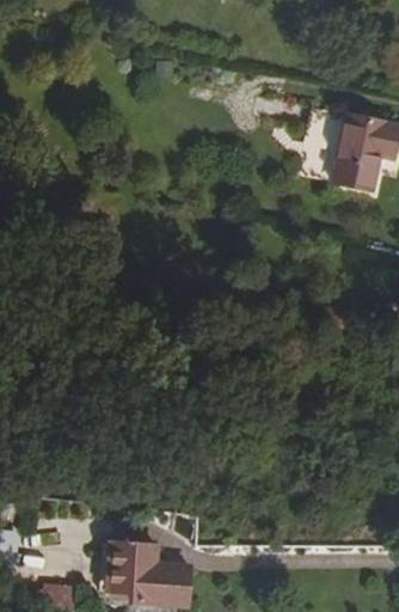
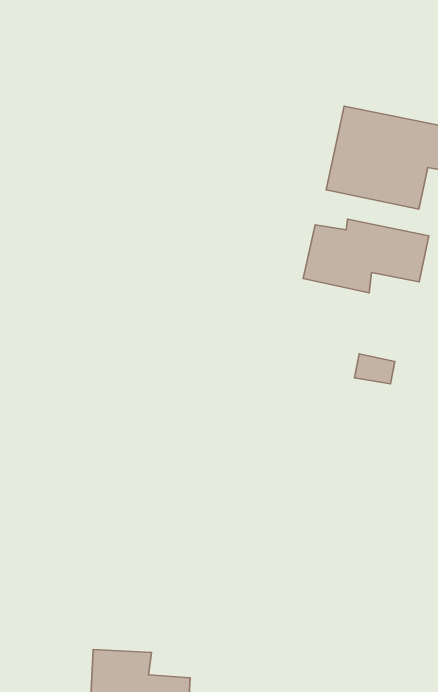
building: none -> [303,219,429,293]

